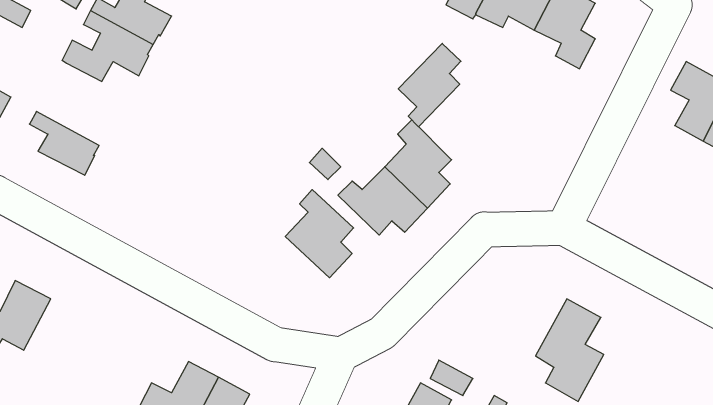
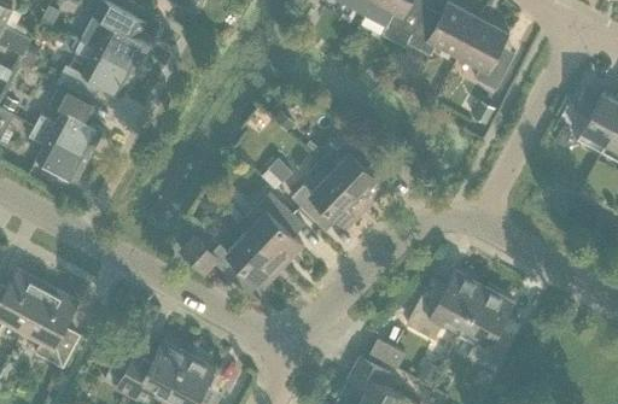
building: [398,43,461,127] -> none
building: none -> [34,84,103,154]
building: none -> [179,232,282,289]
building: none -> [406,269,484,338]
building: none -> [23,285,78,367]

